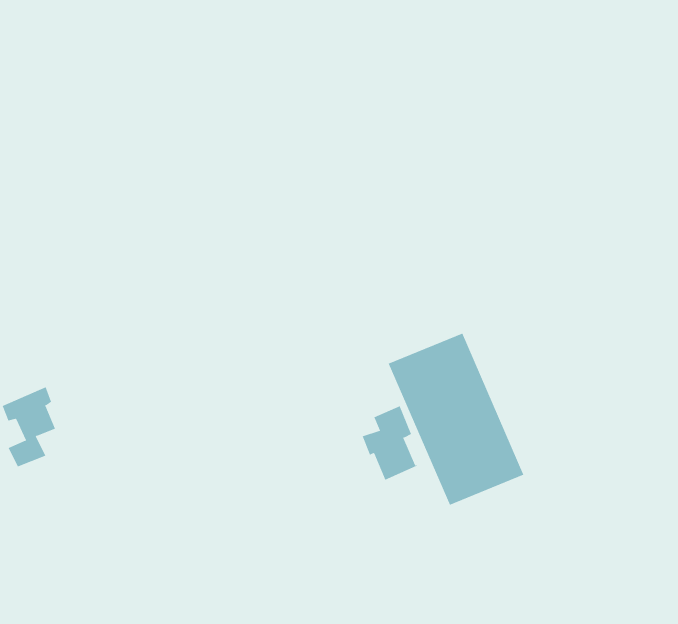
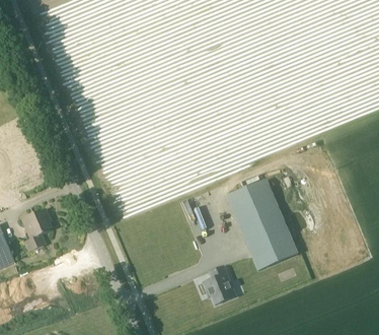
building: [362,405,423,480] -> [202,266,234,306]

